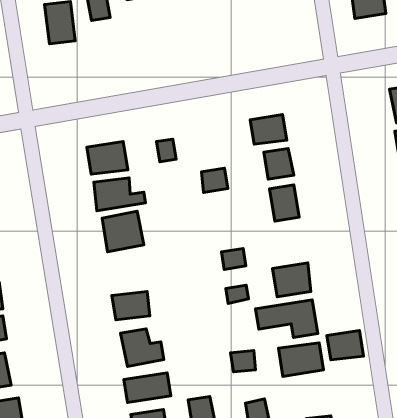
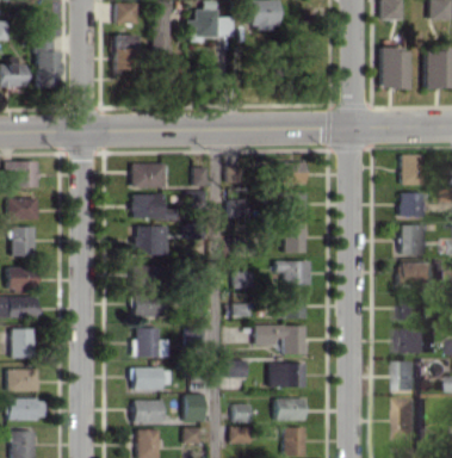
building: none -> [275,261,311,285]
building: none -> [132,266,162,289]
building: [327,330,364,360] -> [277,398,305,421]

